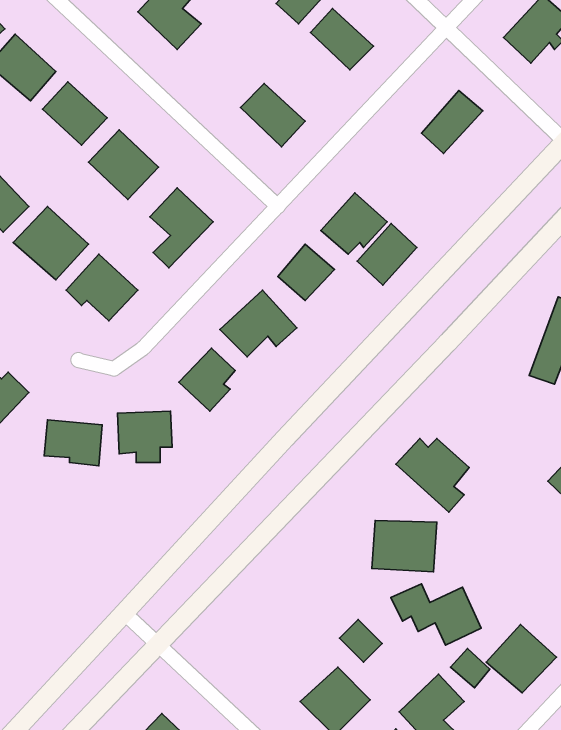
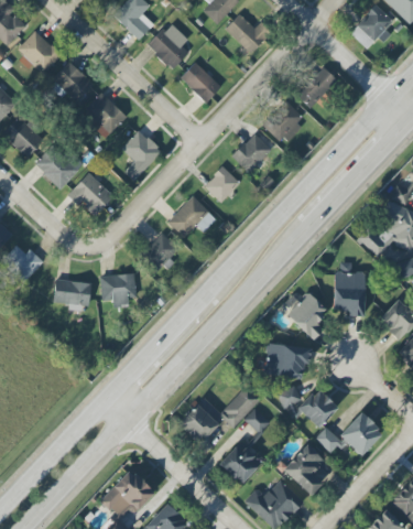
building: none -> [149,22,189,69]
building: [357,224,417,285] -> [264,100,303,140]
building: none -> [334,267,366,316]
building: none -> [178,384,262,443]

